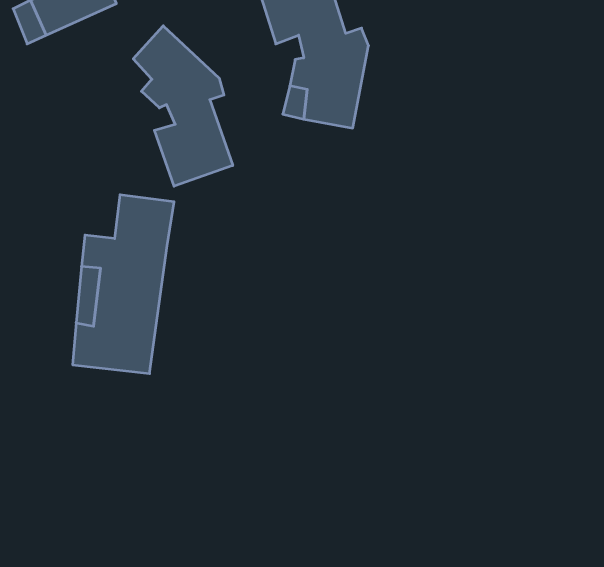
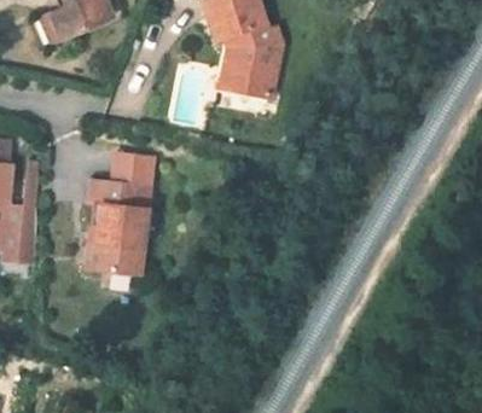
building: [133,26,233,186] -> none

